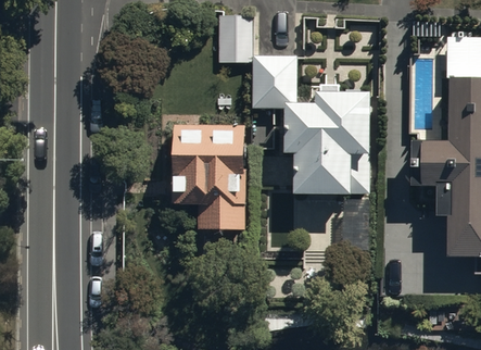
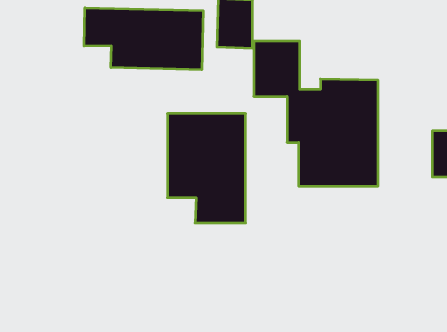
building: none -> [84,8,203,70]

